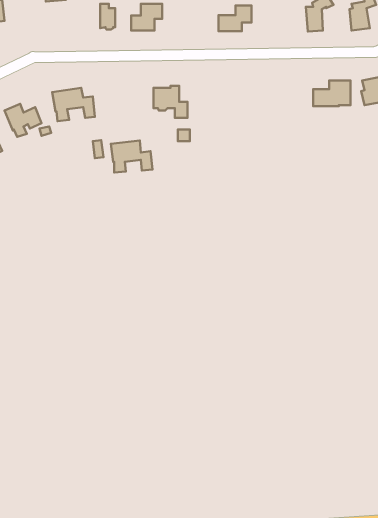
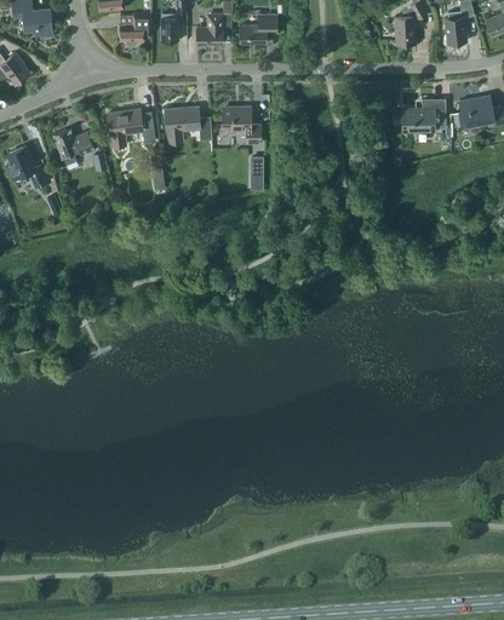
building: none -> [120,13,150,45]
building: [218,5,251,31] -> [240,13,277,42]
building: [111,141,153,173] -> [165,105,212,142]

